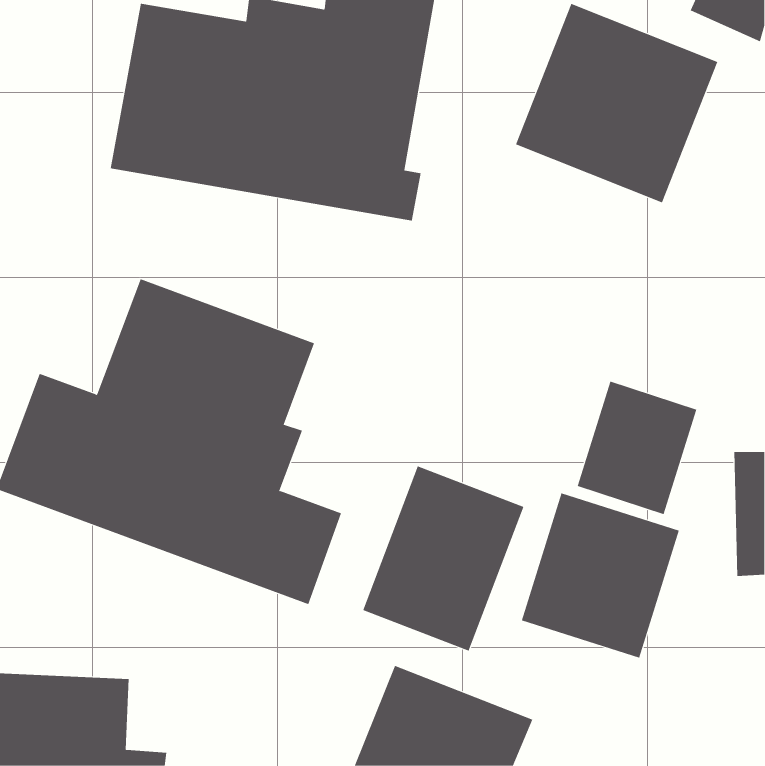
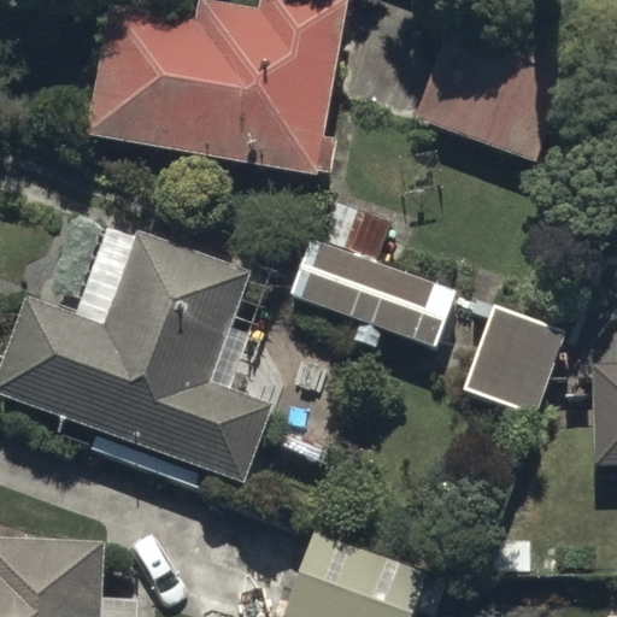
building: none -> [290,200,457,348]
building: [362,465,524,652] -> none
building: [521,493,680,658] -> none

